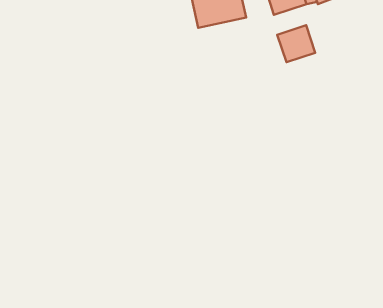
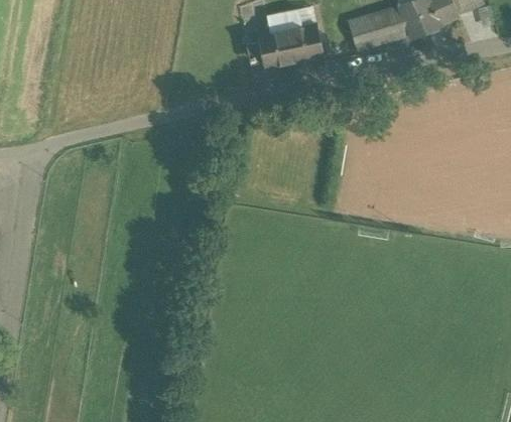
building: [277,25,315,62] -> none

